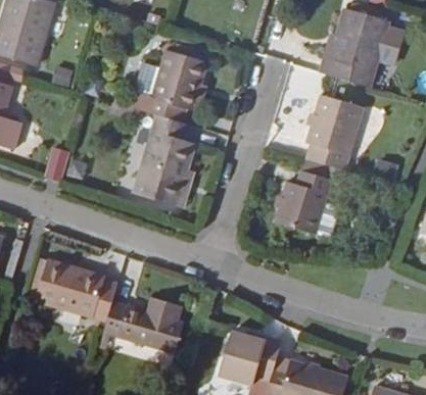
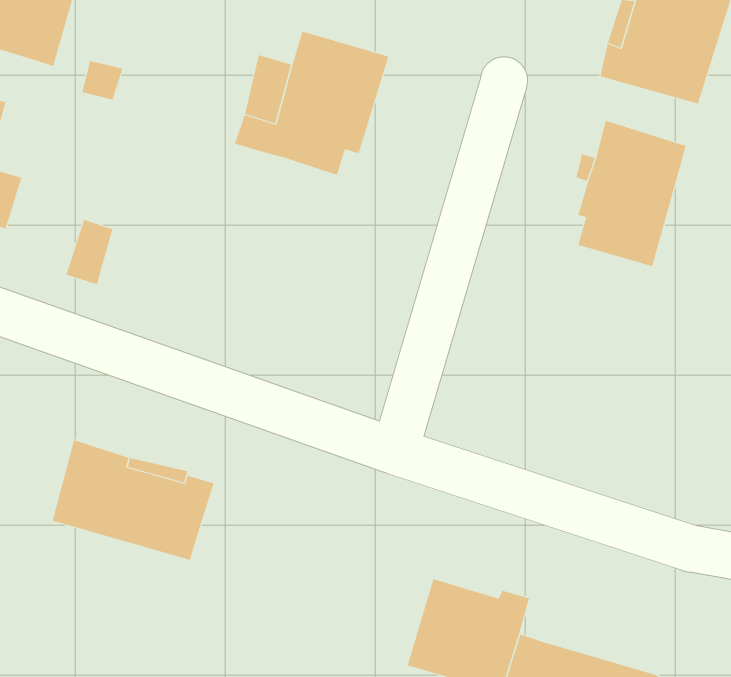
building: [132,114,194,206] -> none
building: [274,158,357,239] -> none
building: [104,297,185,353] -> none

